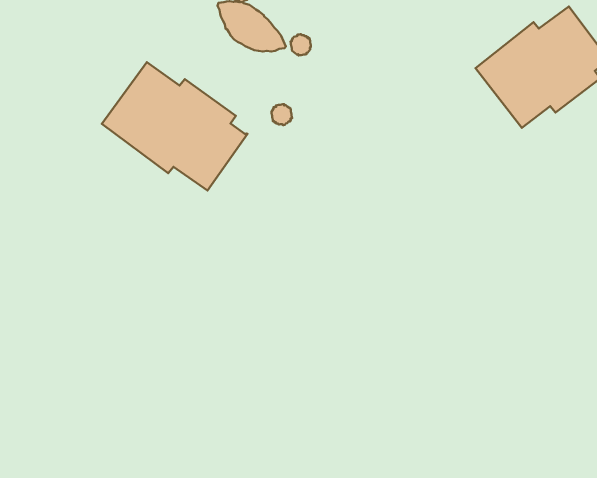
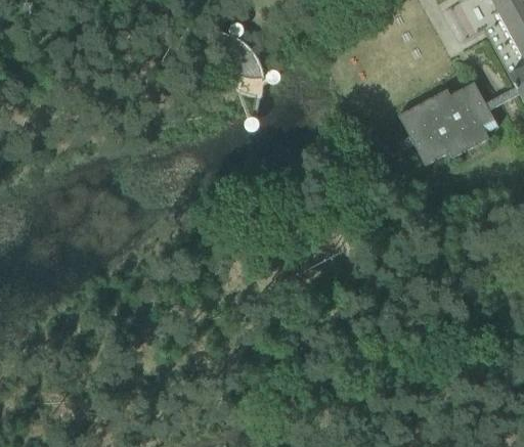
building: [102,62,248,190] -> none

